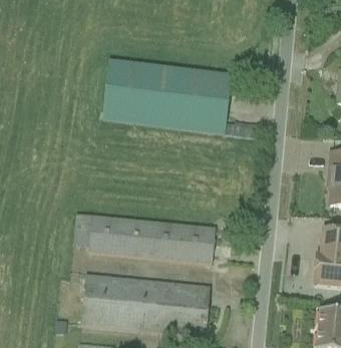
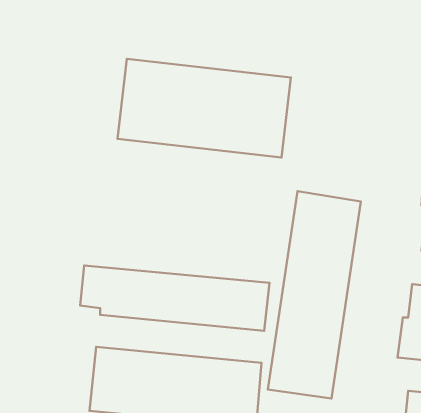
building: none -> [268,191,361,398]

